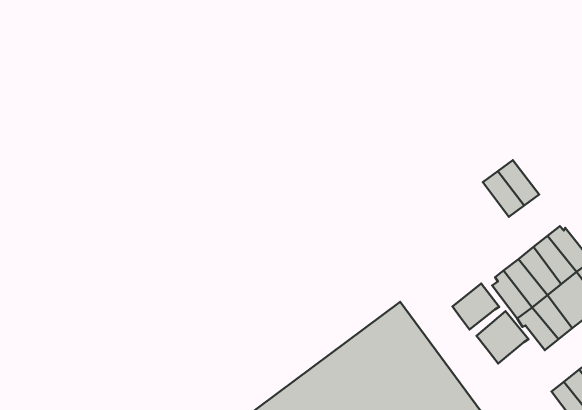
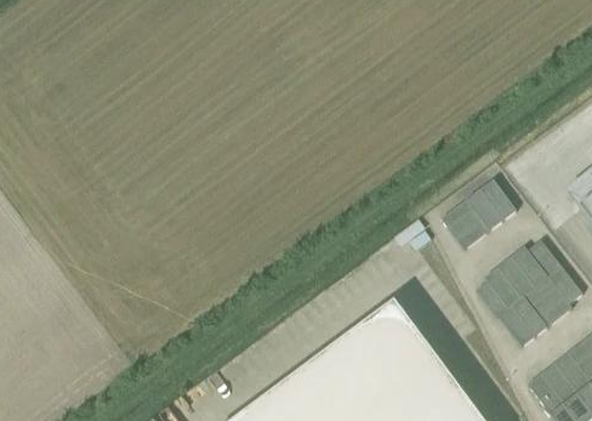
building: none -> [442,198,491,249]
building: [452,284,499,329] -> none
building: [476,311,528,363] -> none

